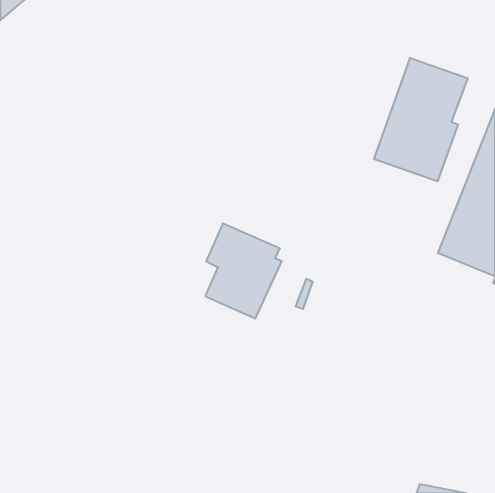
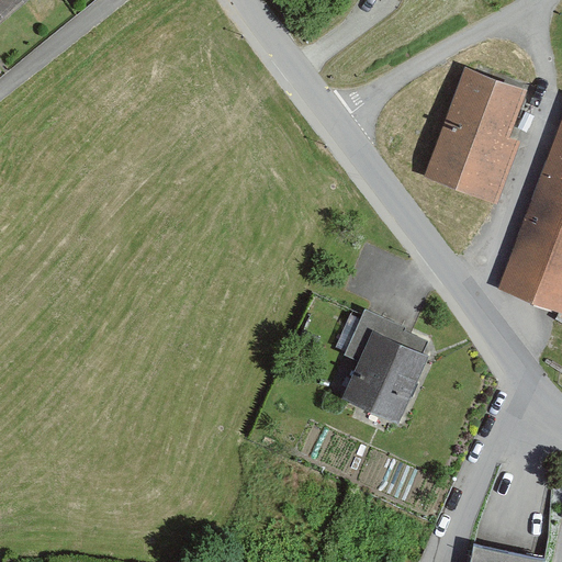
building: [205,223,282,318] -> [344,314,430,422]

